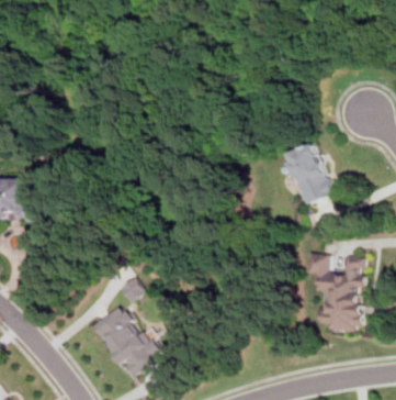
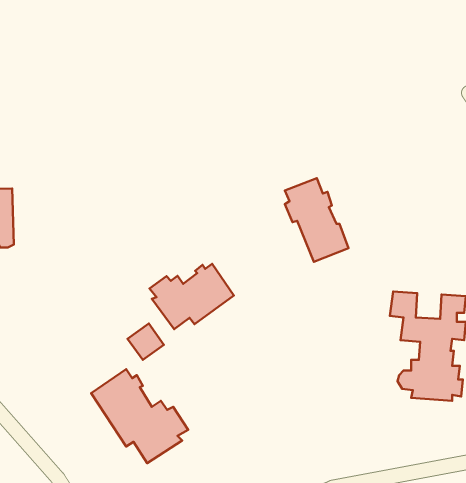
building: [290,144,336,204] -> [285,178,349,262]
building: none -> [150,264,234,329]

